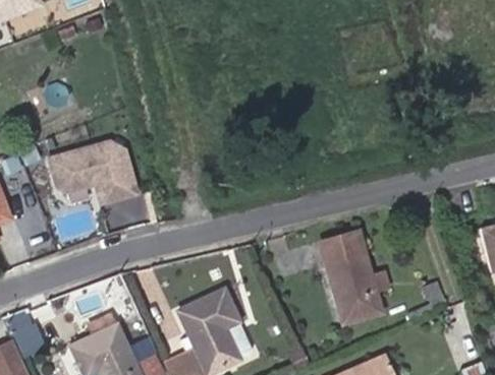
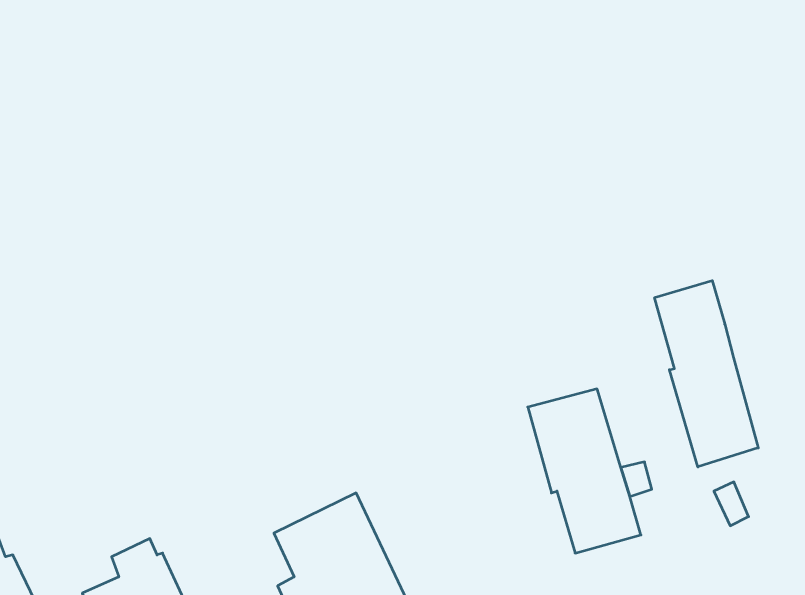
building: [46,140,143,209] -> none
building: none -> [655,281,758,467]

